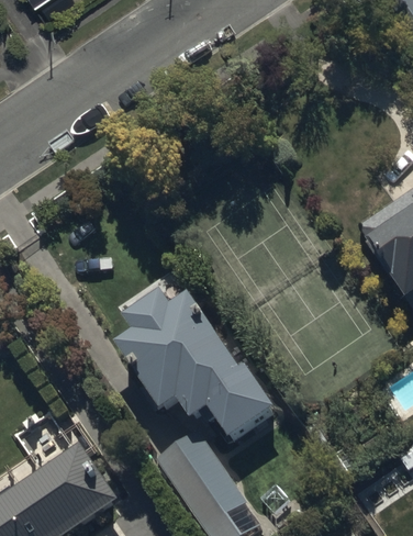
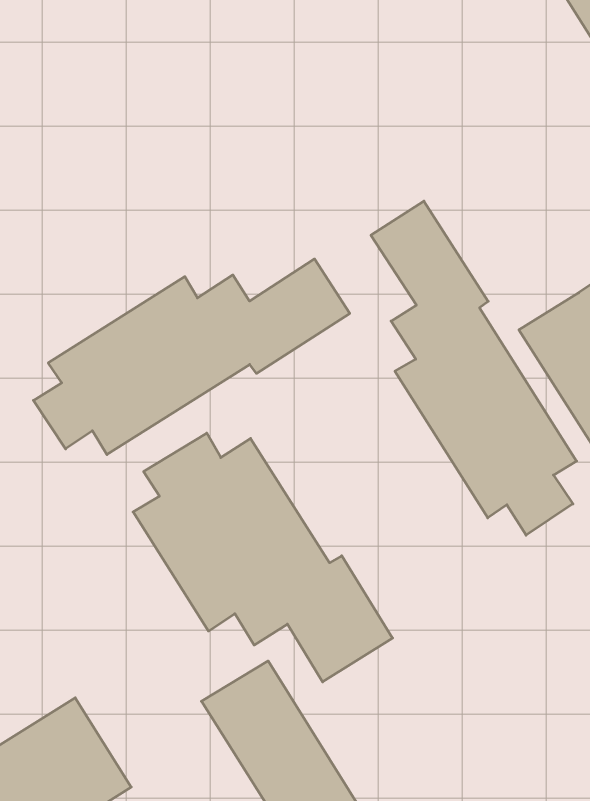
building: none -> [371,201,577,535]
building: none -> [33,259,350,455]

